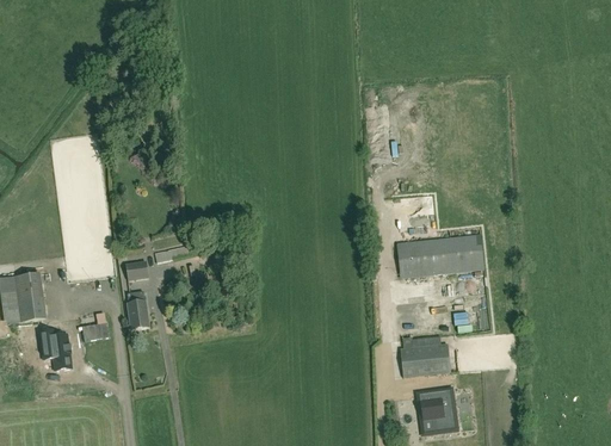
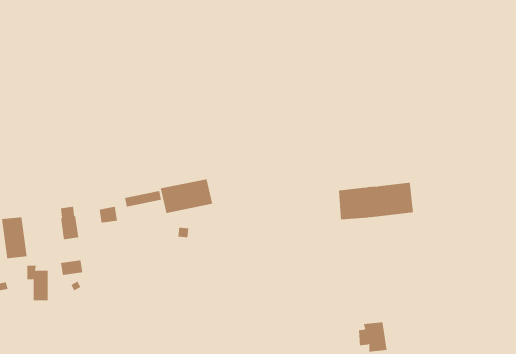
building: none -> [160,178,213,214]
building: [126,290,148,328] -> [60,206,79,240]
building: [399,336,449,377] -> none

